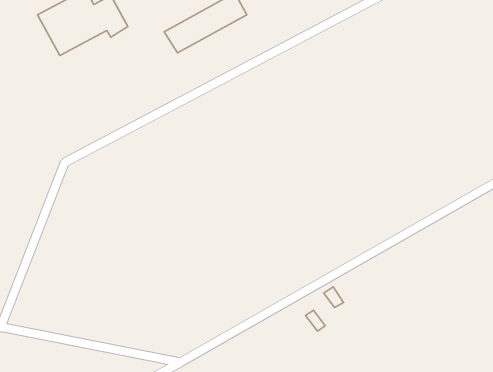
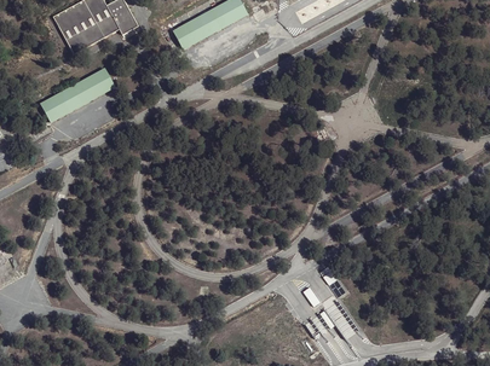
building: none -> [40,68,116,122]

